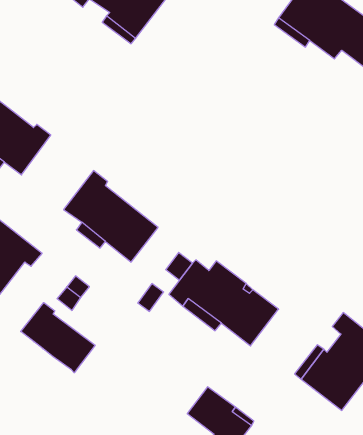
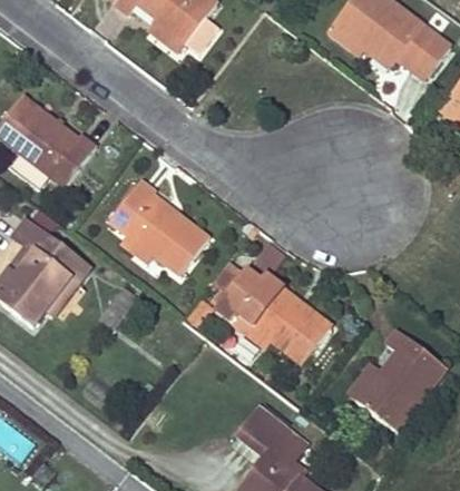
building: [21,303,95,373] -> none

